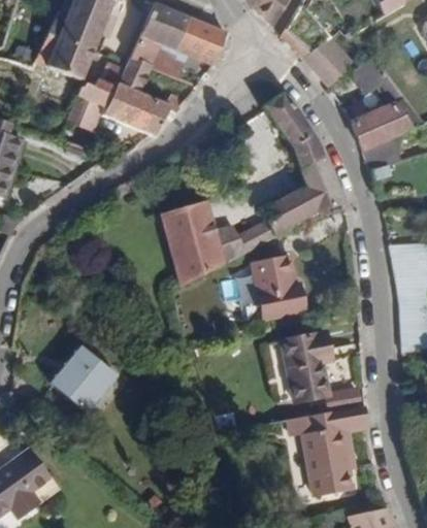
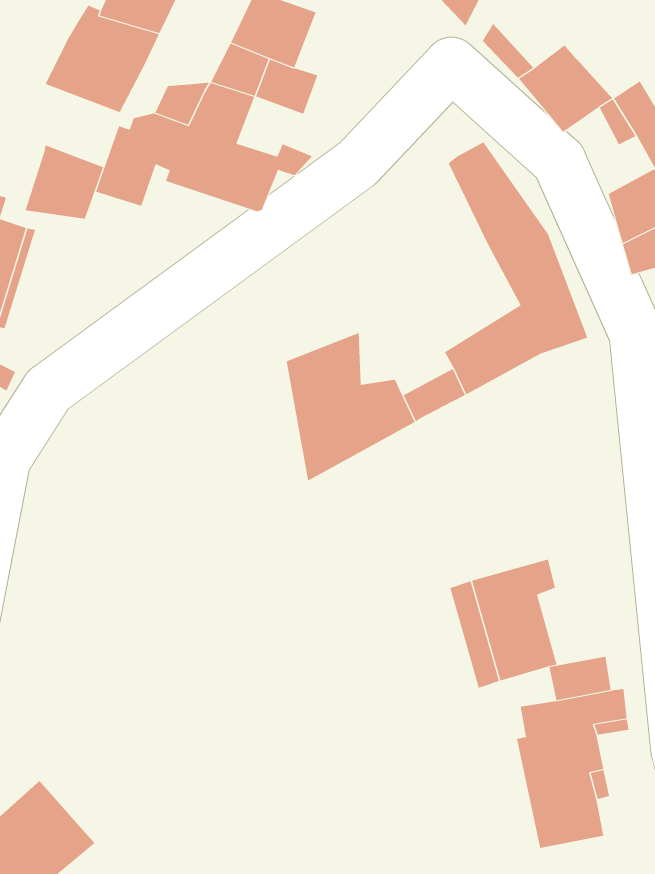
building: [176,16,229,61] -> none
building: none -> [25,144,104,219]
building: [254,255,303,316] -> none
building: [52,346,114,409] -> none

